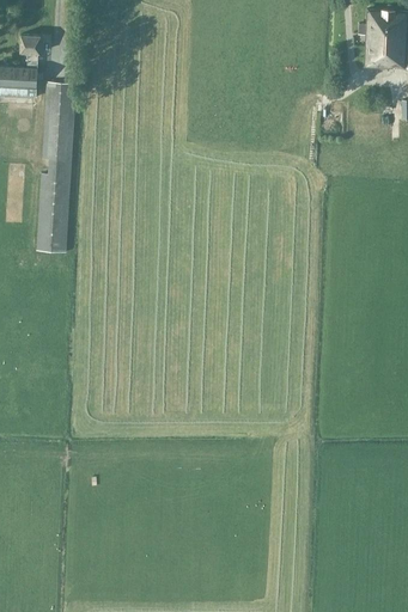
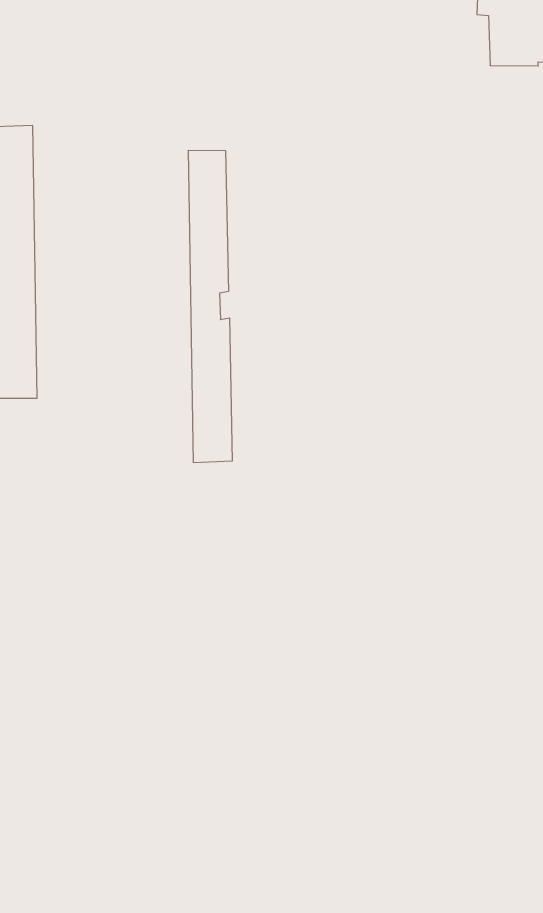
building: none -> [188,150,232,463]

